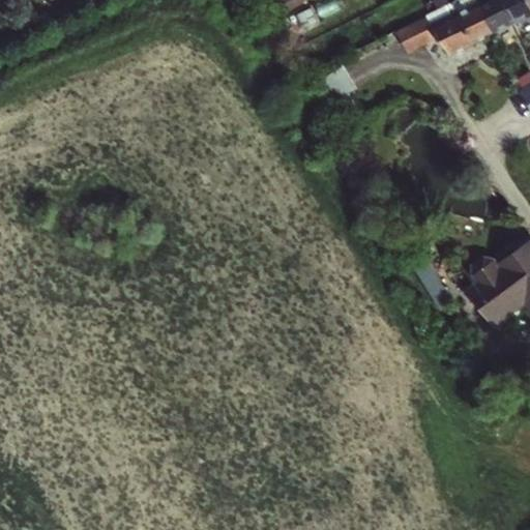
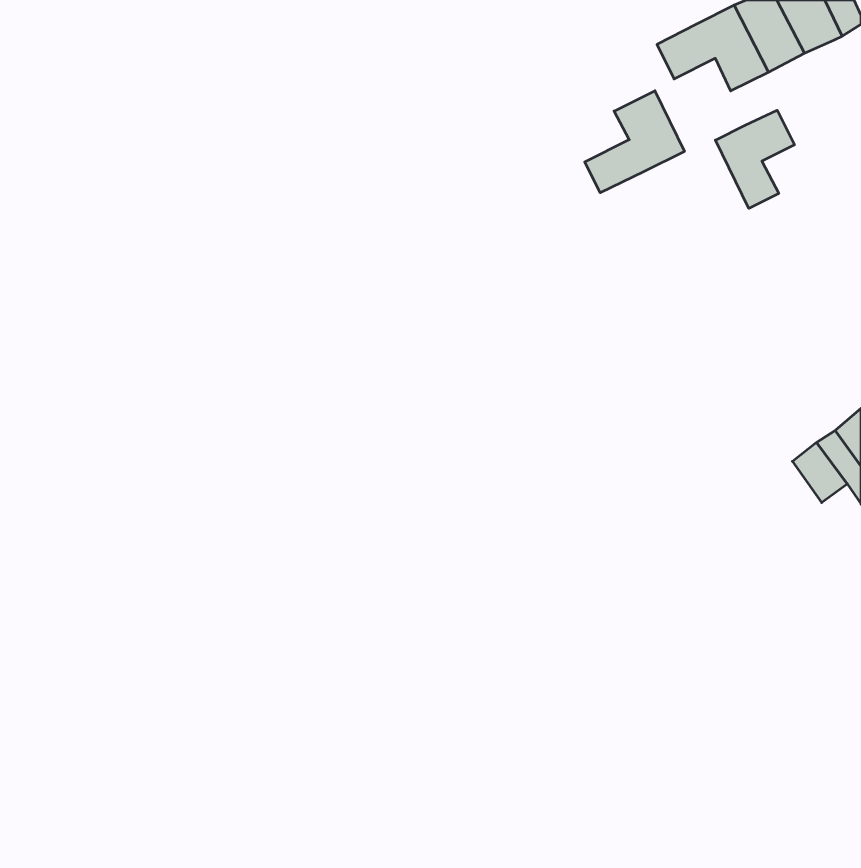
building: none -> [585,91,684,193]
building: none -> [715,110,794,208]

